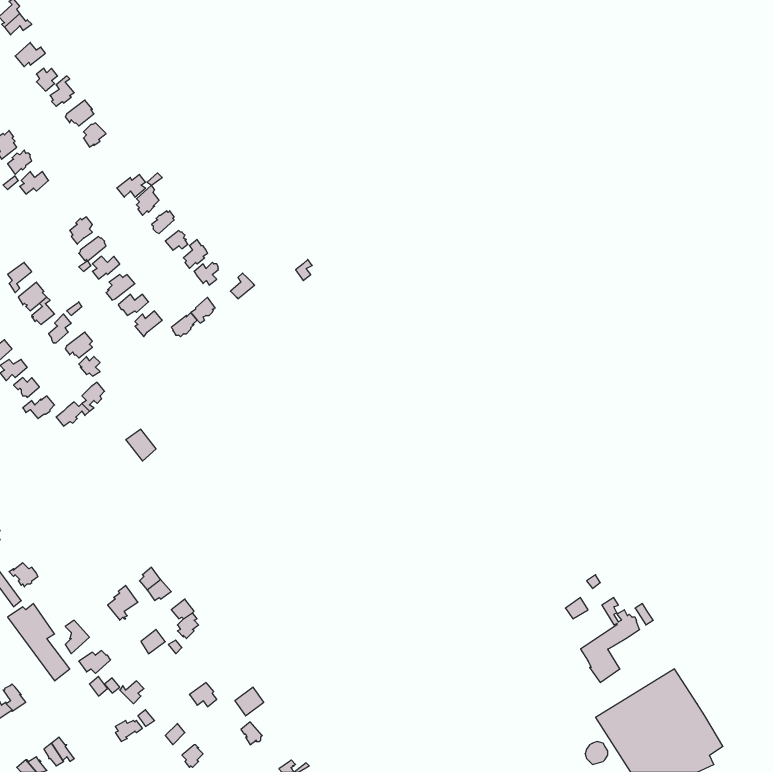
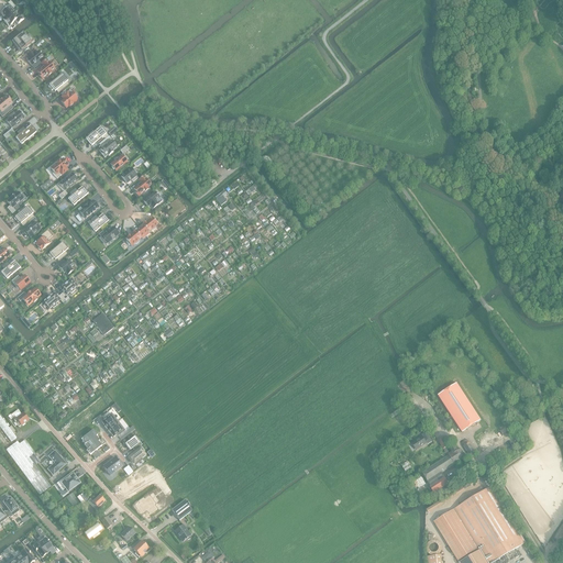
building: none -> [437,382,479,430]

